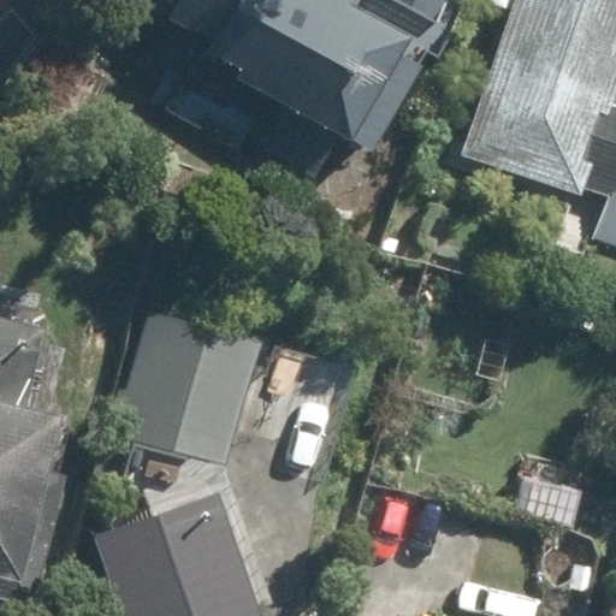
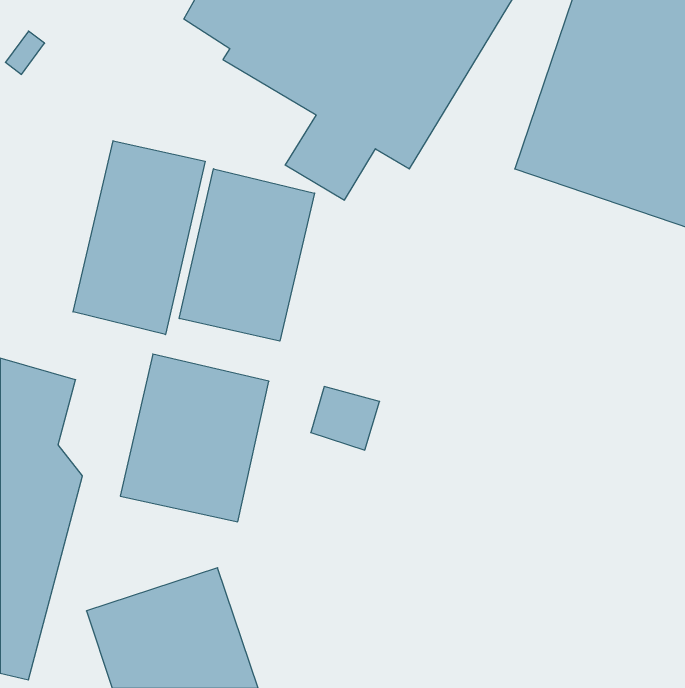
building: none -> [73,141,205,335]
building: none -> [179,169,315,341]

